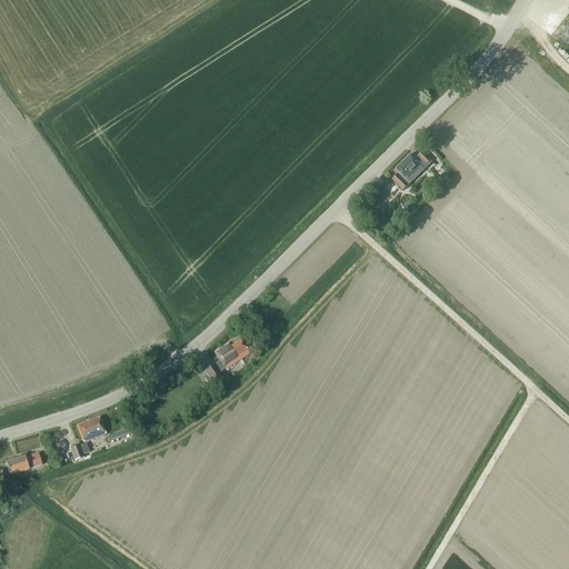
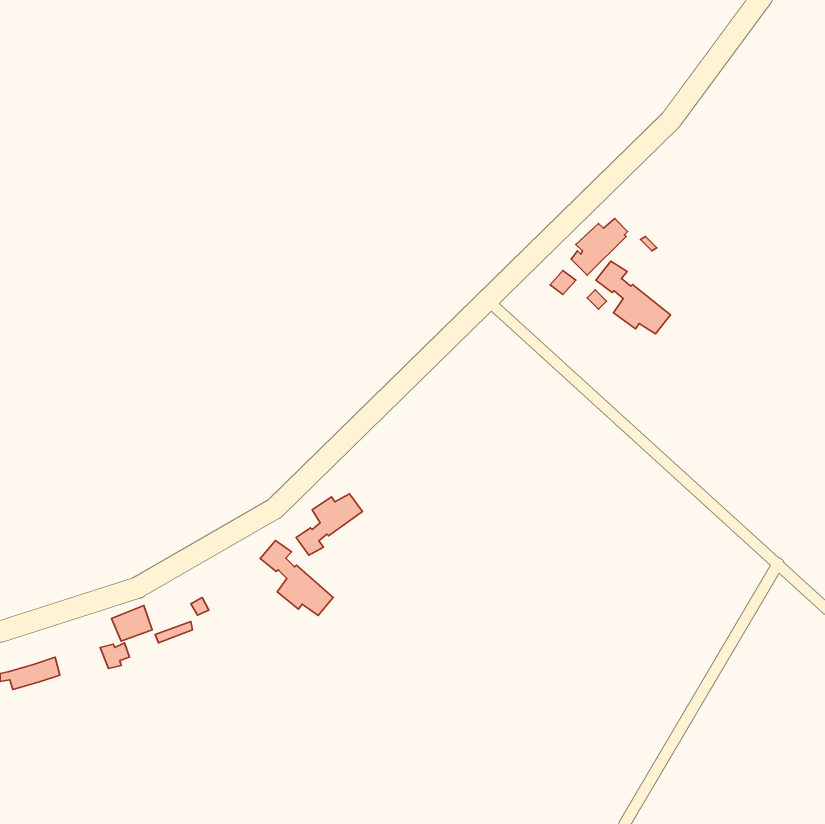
building: none -> [596,261,671,334]
building: none -> [260,541,333,615]

